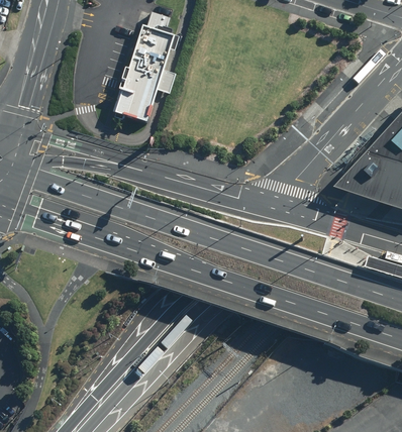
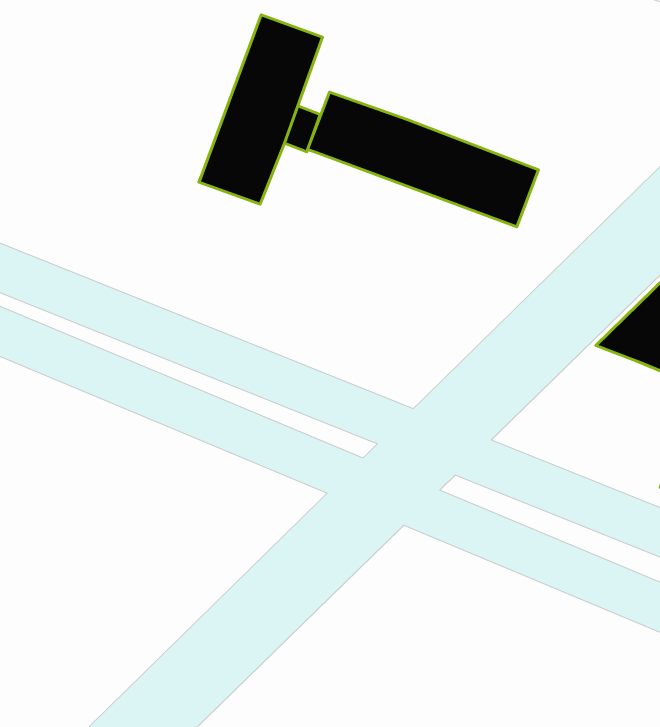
building: none -> [308,92,539,227]

